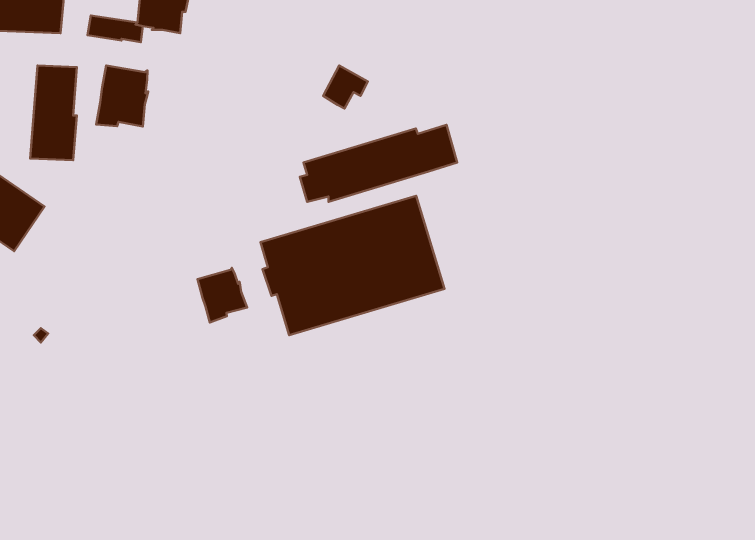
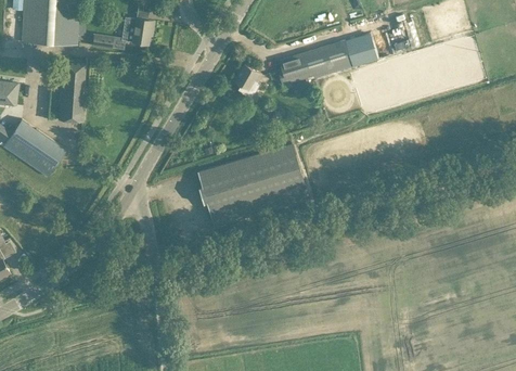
building: [96,65,148,127] -> none
building: [300,125,457,202] -> [276,38,372,85]
building: [197,268,247,323] -> none

